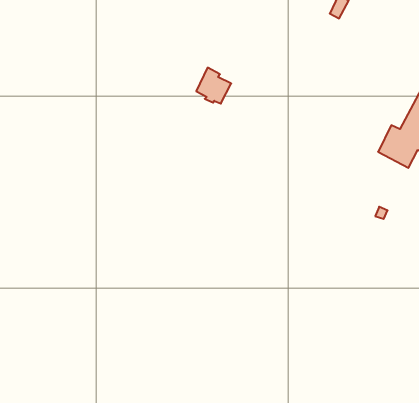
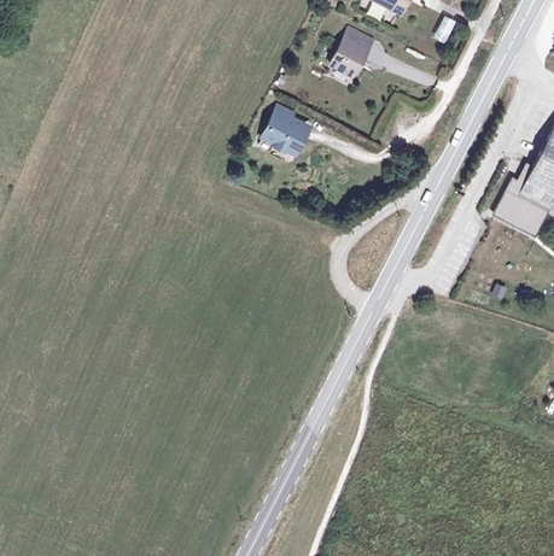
building: none -> [331,27,373,75]

